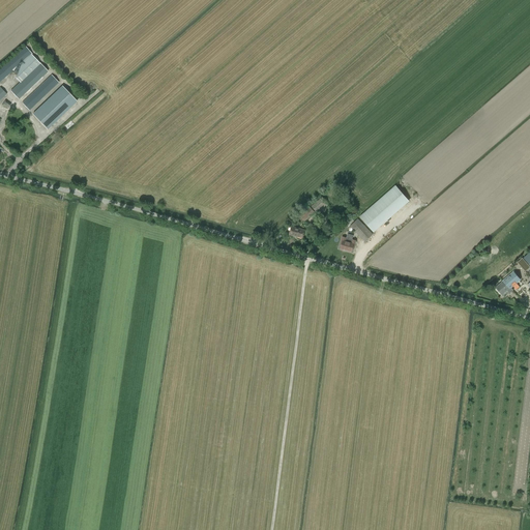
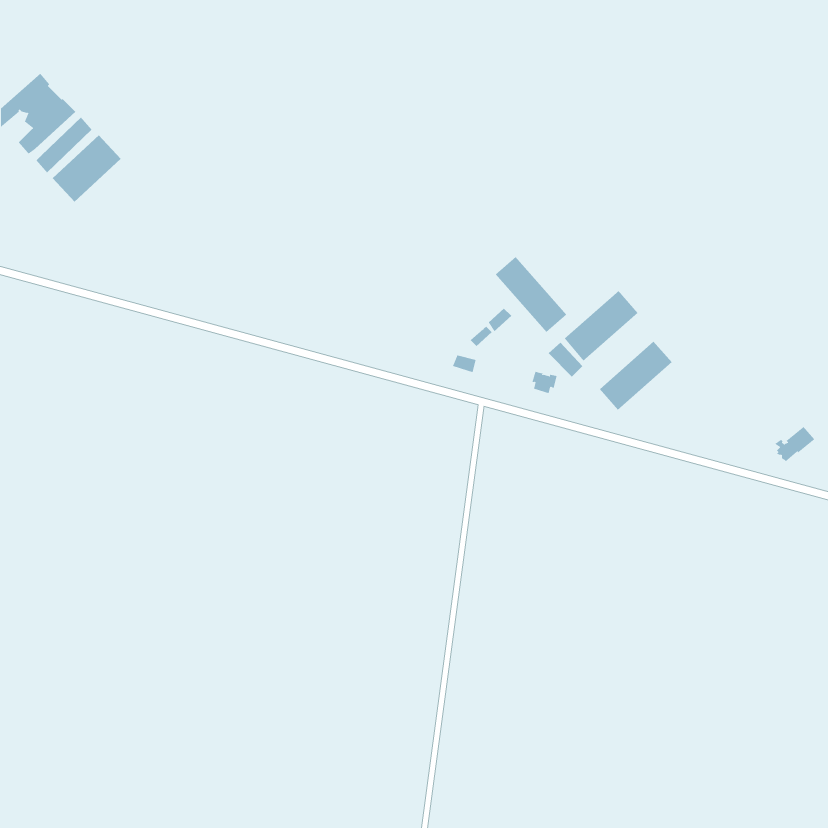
building: none -> [495,256,567,333]
building: none -> [599,341,672,411]

